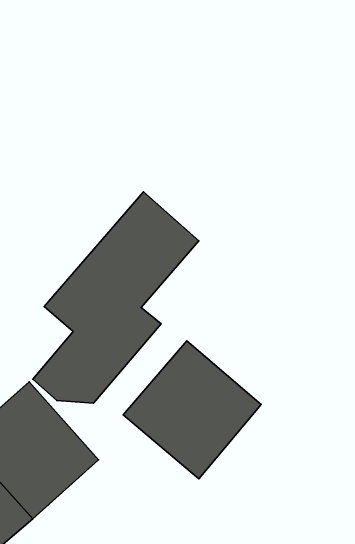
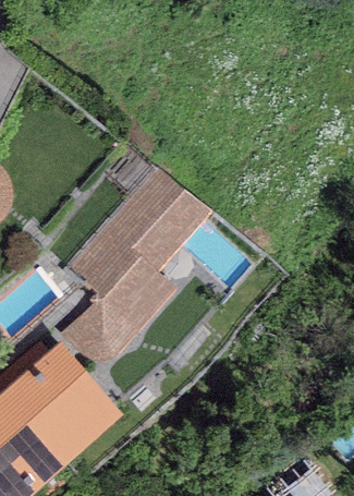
building: [123,341,261,479] -> none

